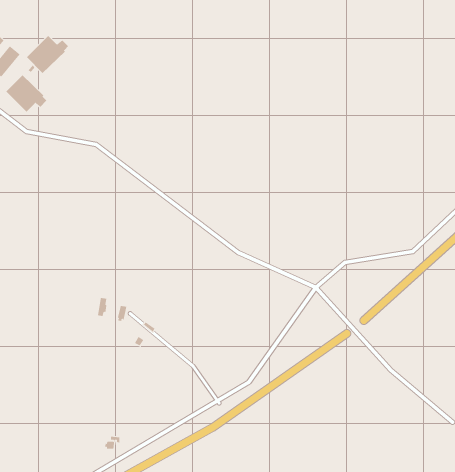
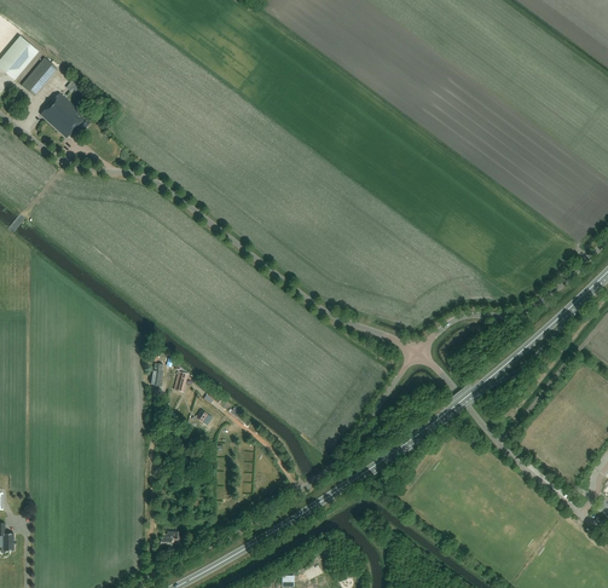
building: [26,35,69,74] -> none

